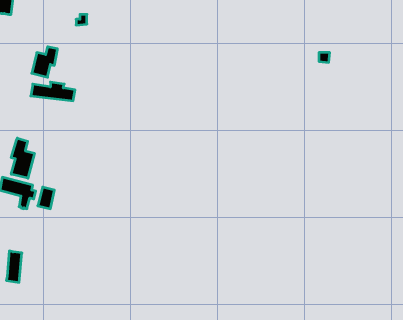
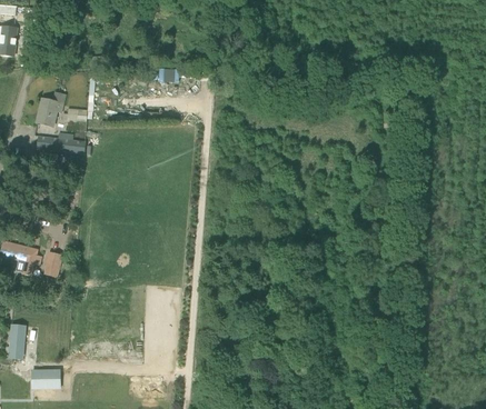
building: [11,138,34,178] -> none
building: none -> [32,369,59,389]

